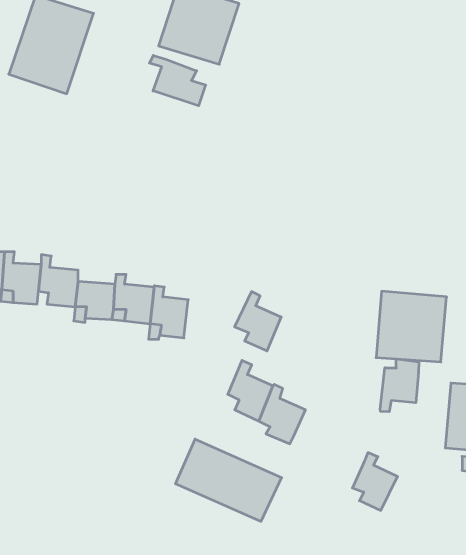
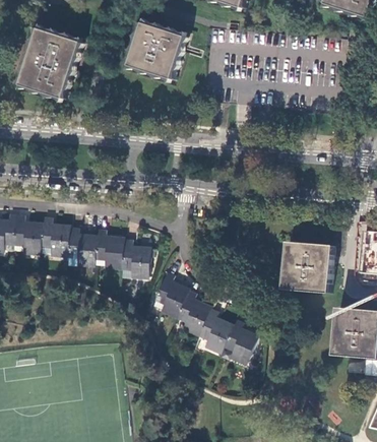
building: [149,55,206,106] -> none
building: [235,292,281,351] -> [151,272,185,315]
building: [380,359,419,412] -> none
building: [176,439,282,521] -> none
building: [352,453,398,510] -> [223,319,255,361]

